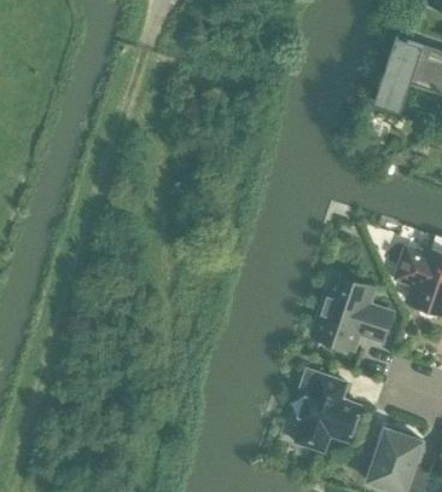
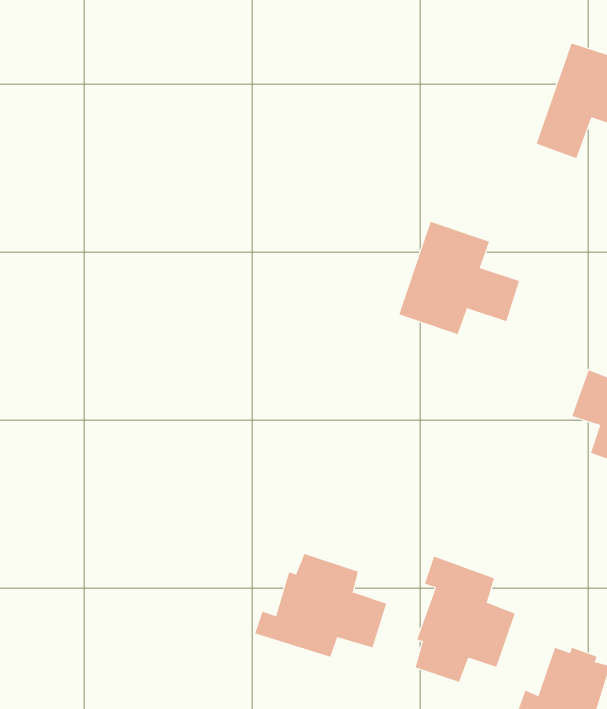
building: [314,274,392,348] -> [399,221,520,335]
building: none -> [255,553,387,658]

